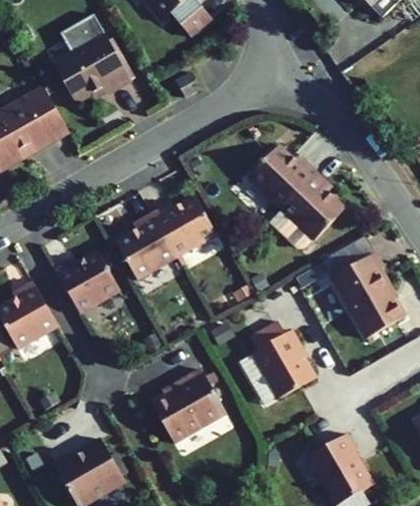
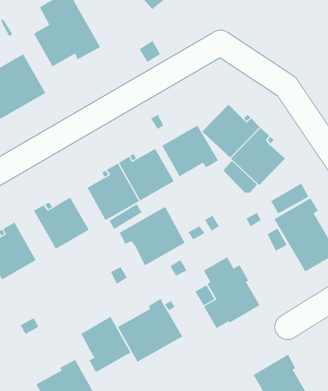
building: none -> [161,125,219,177]
building: none -> [119,206,186,266]
building: none -> [80,316,131,373]

